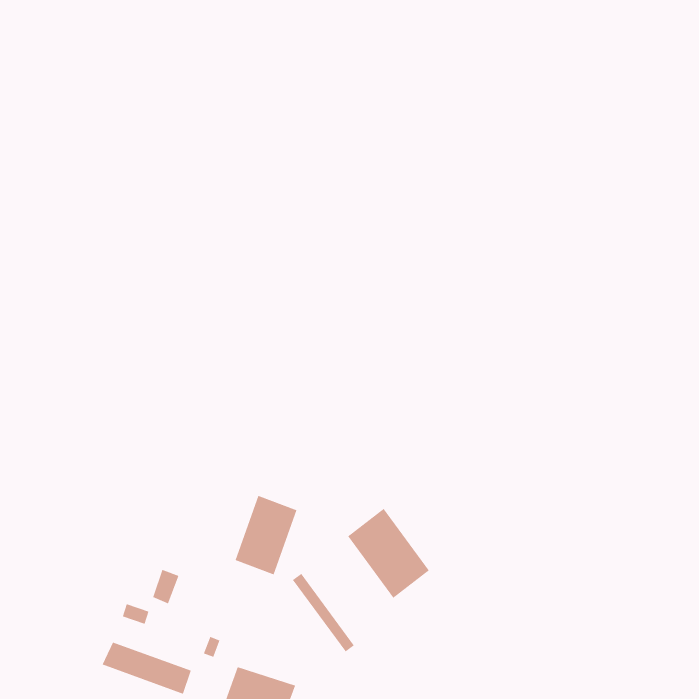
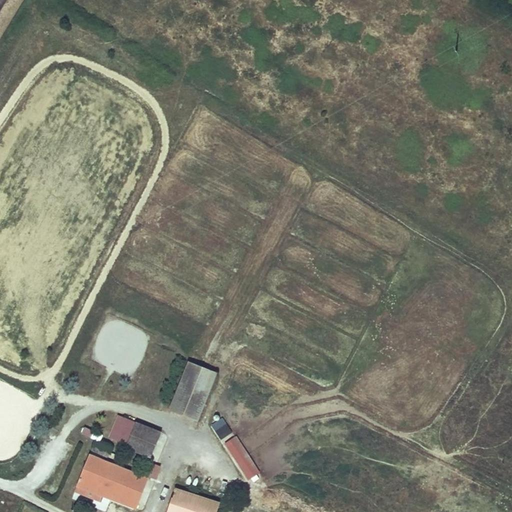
building: [347,508,430,599] -> none
building: none -> [121,421,156,456]
building: none -> [82,455,144,490]

